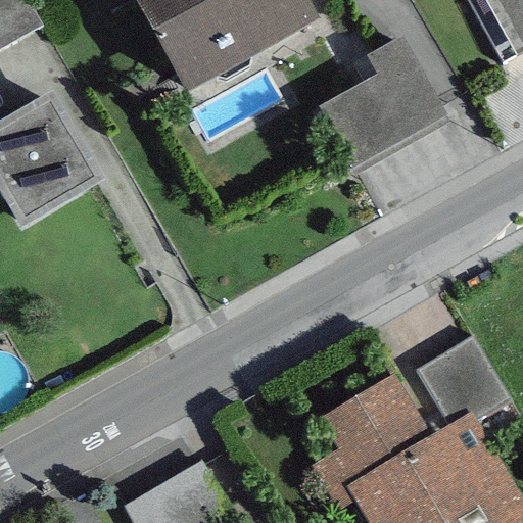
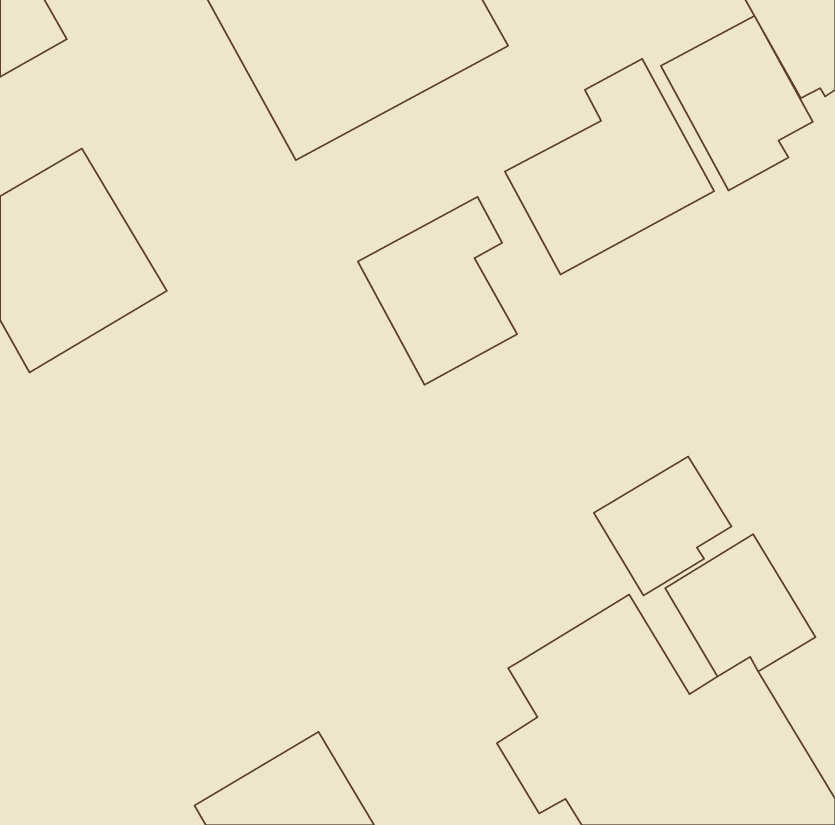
building: none -> [661,16,813,190]
building: none -> [358,197,517,385]
building: none -> [594,457,731,595]

